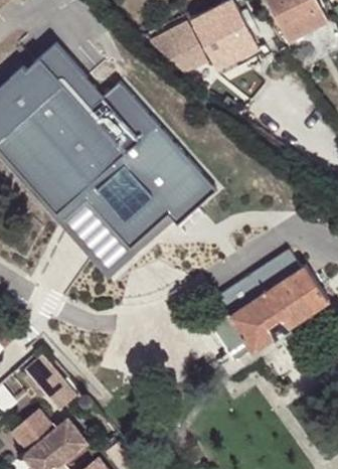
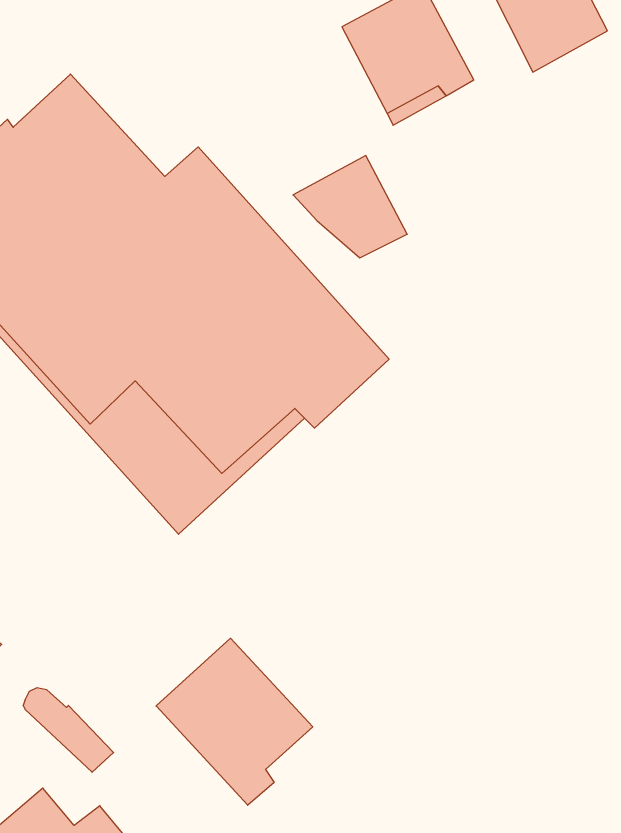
building: [149,21,207,73] -> [293,156,407,258]
building: [208,248,328,359] -> none
building: none -> [156,638,313,805]

